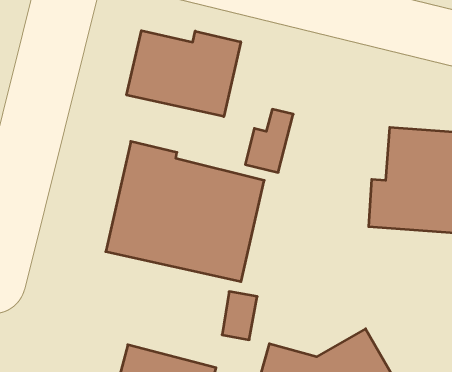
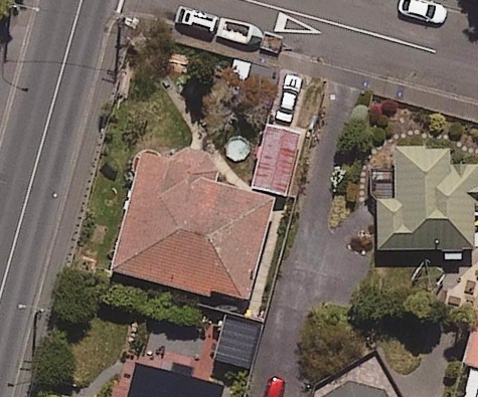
building: [127,31,241,117] -> none

